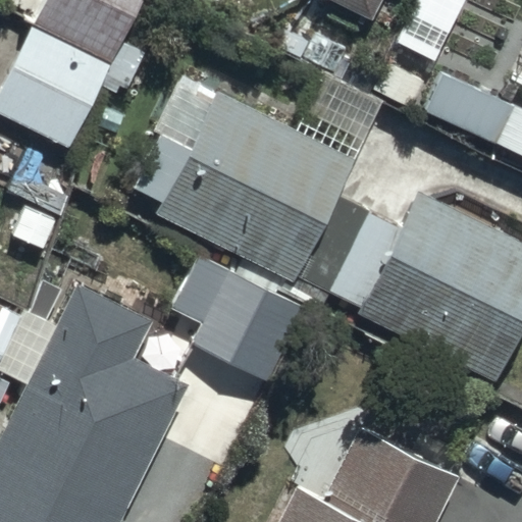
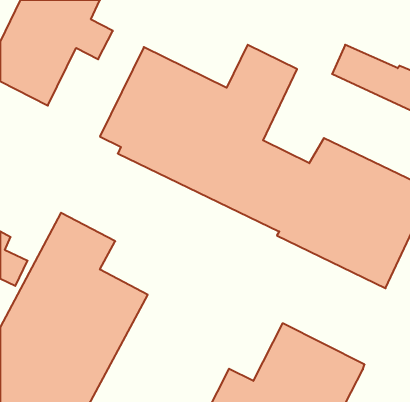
building: [171,255,307,384] -> none

